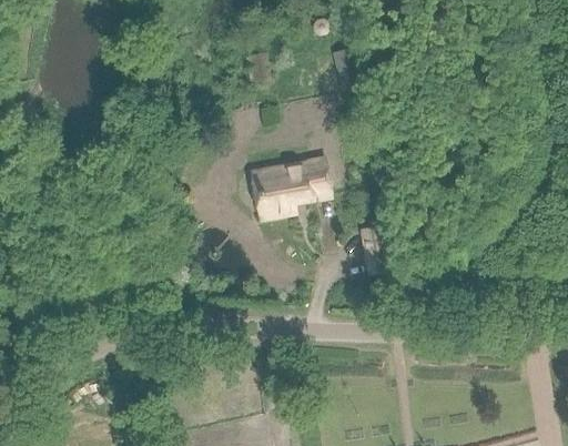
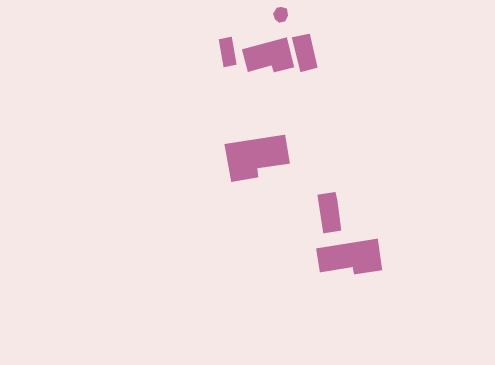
building: none -> [241,37,295,73]
building: none -> [316,238,383,275]

